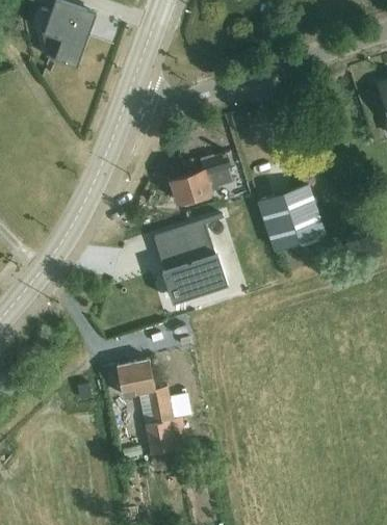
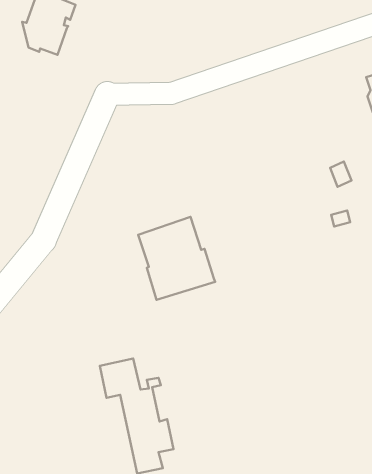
building: [171,152,232,203] -> none
building: [258,185,324,251] -> none

